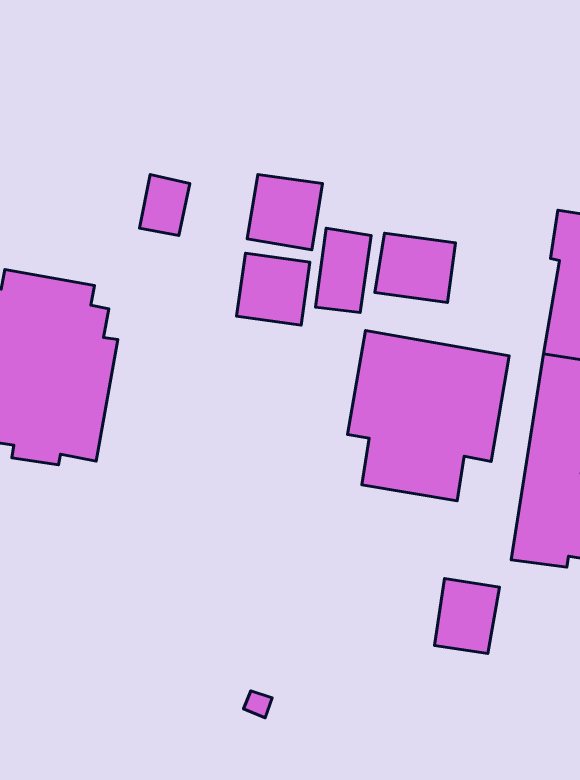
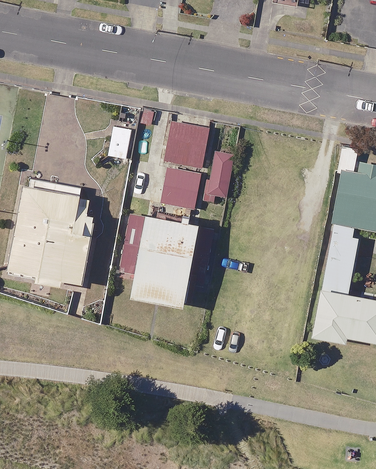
building: [375,233,455,303] -> none
building: [348,331,509,501] -> [124,213,214,308]
building: [434,579,499,653] -> none

